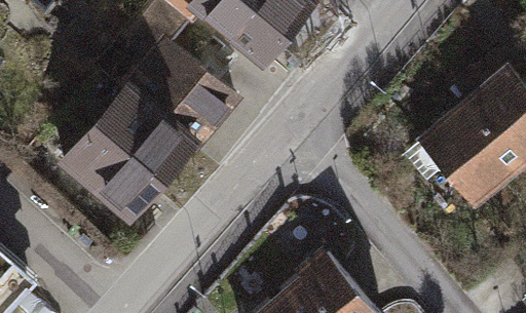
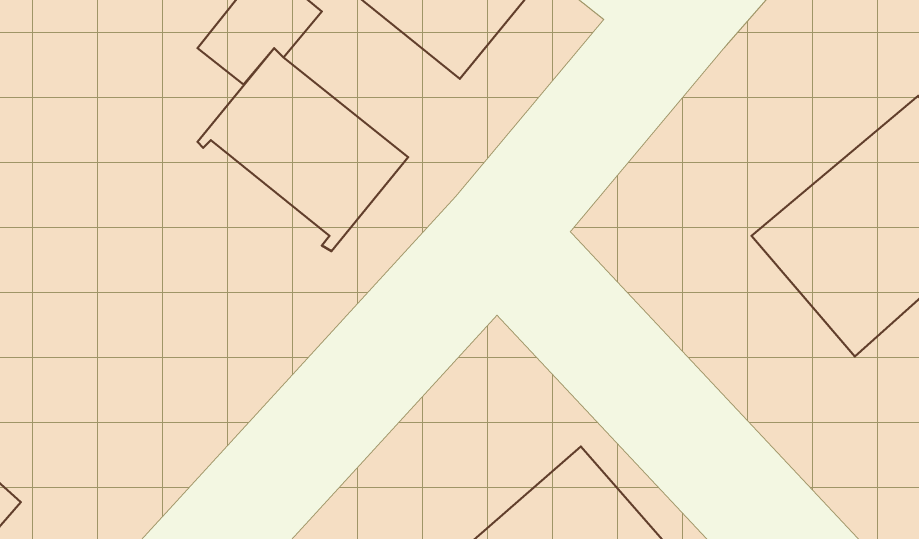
building: [62,89,191,210] -> none

